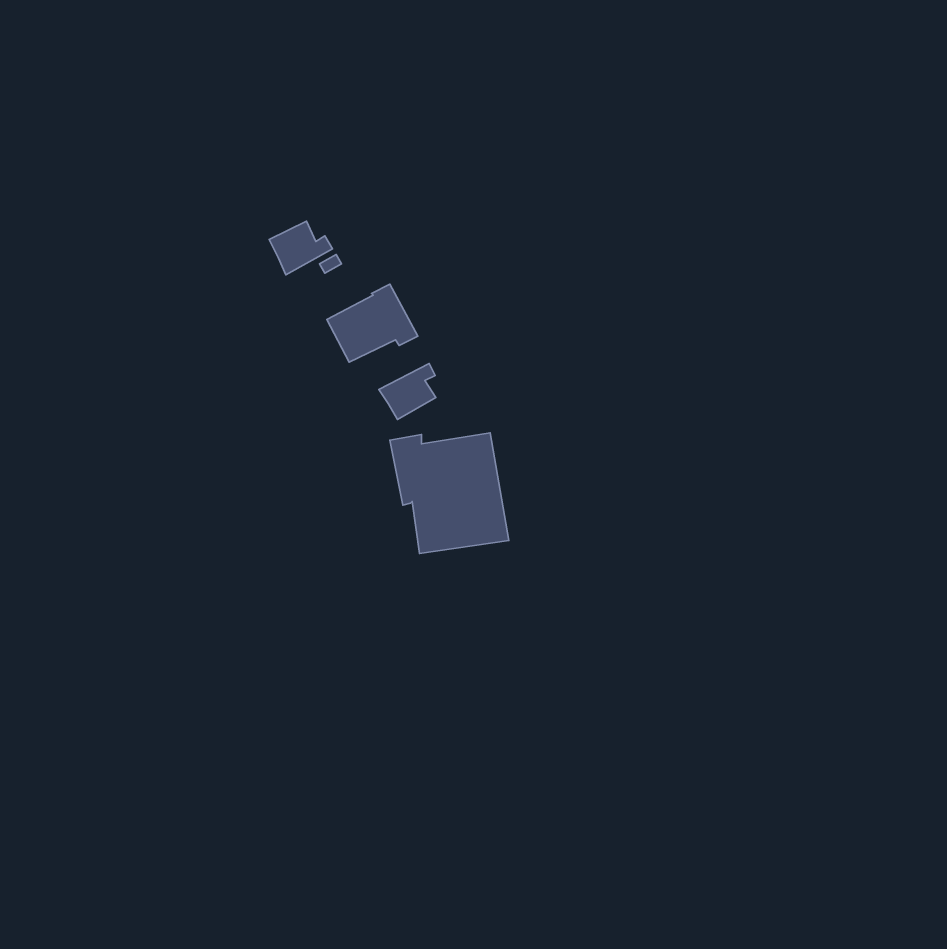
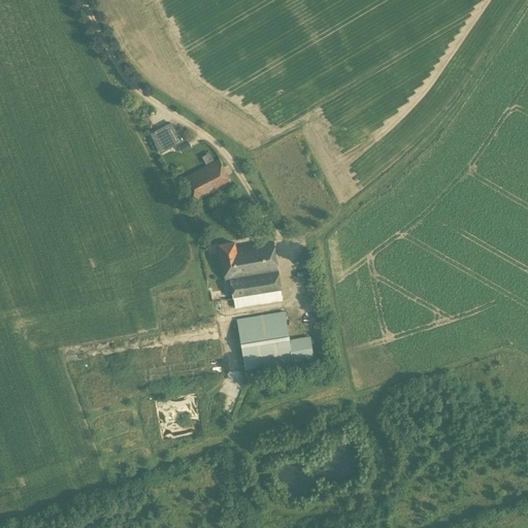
building: [379,363,436,420] -> none
building: none -> [235,311,312,370]

